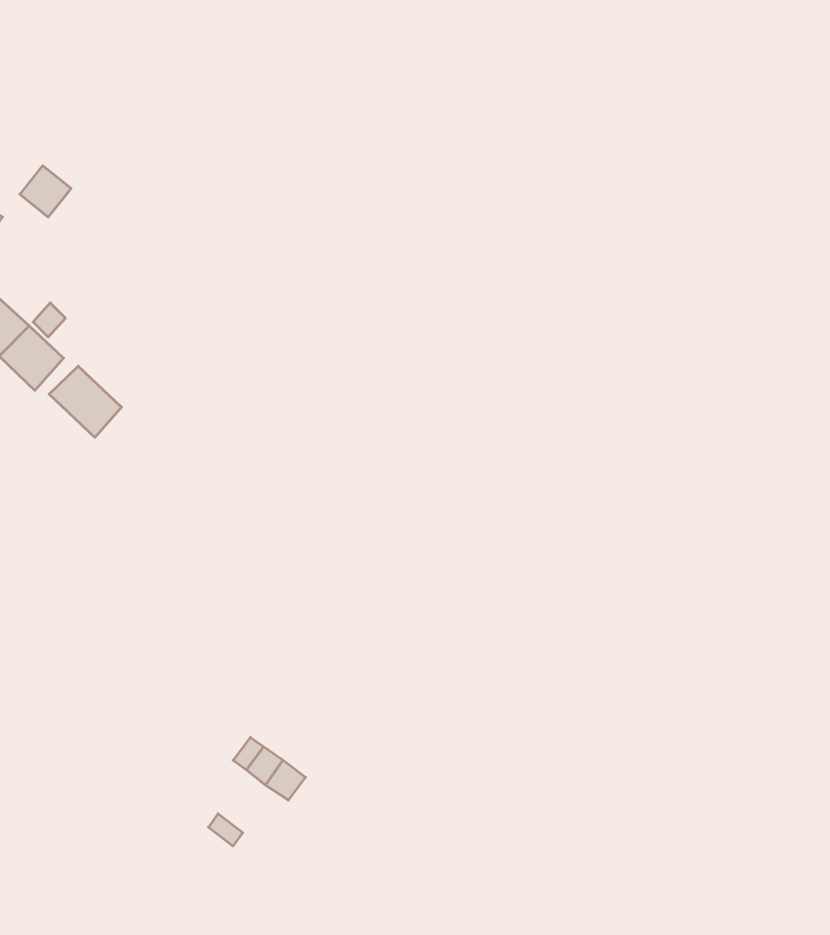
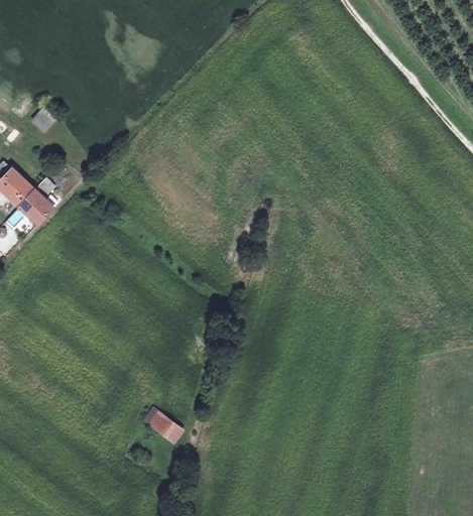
building: [49,366,122,437] -> none

